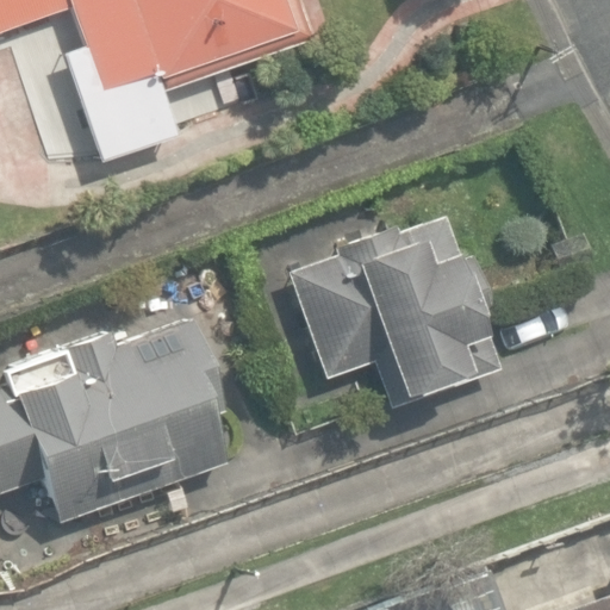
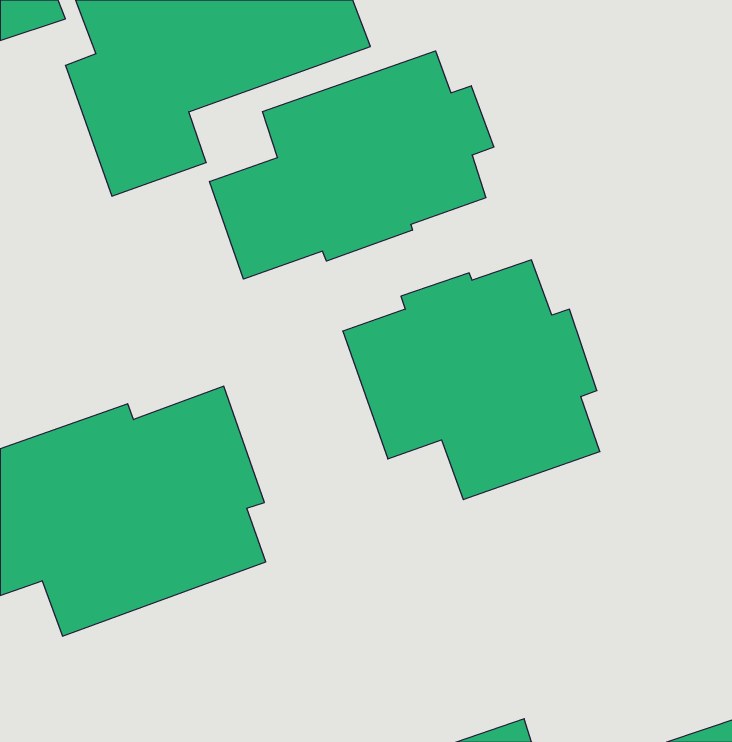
building: none -> [210,51,494,279]

